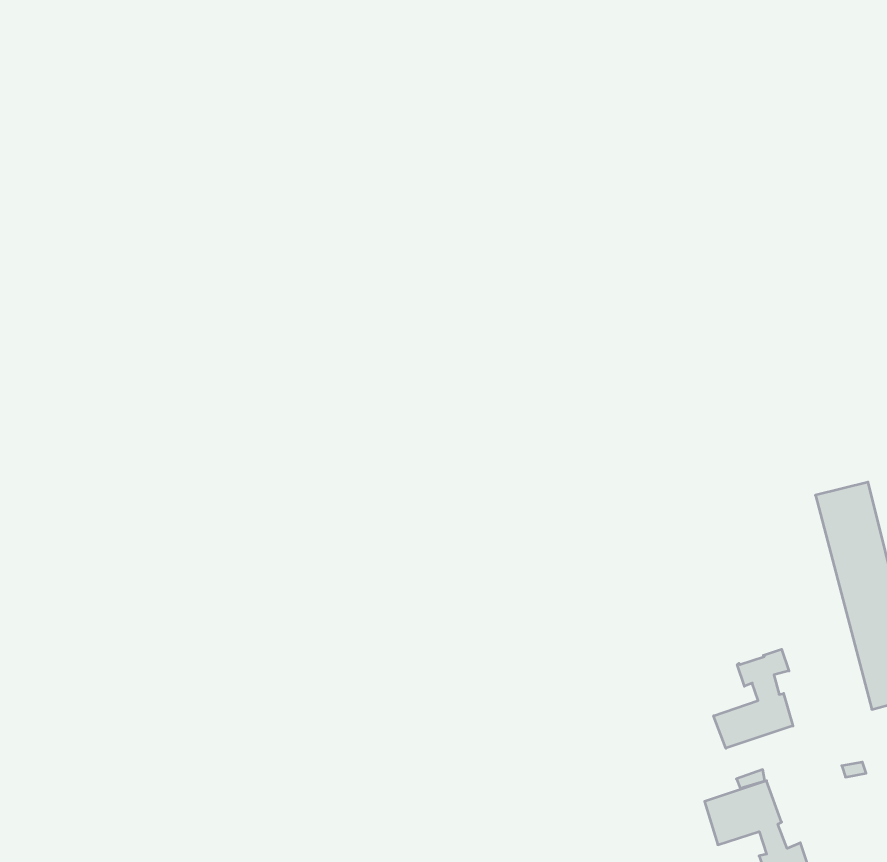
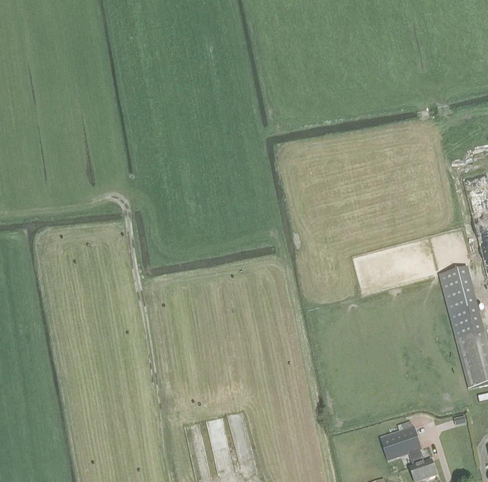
building: [714,649,793,748] -> none

